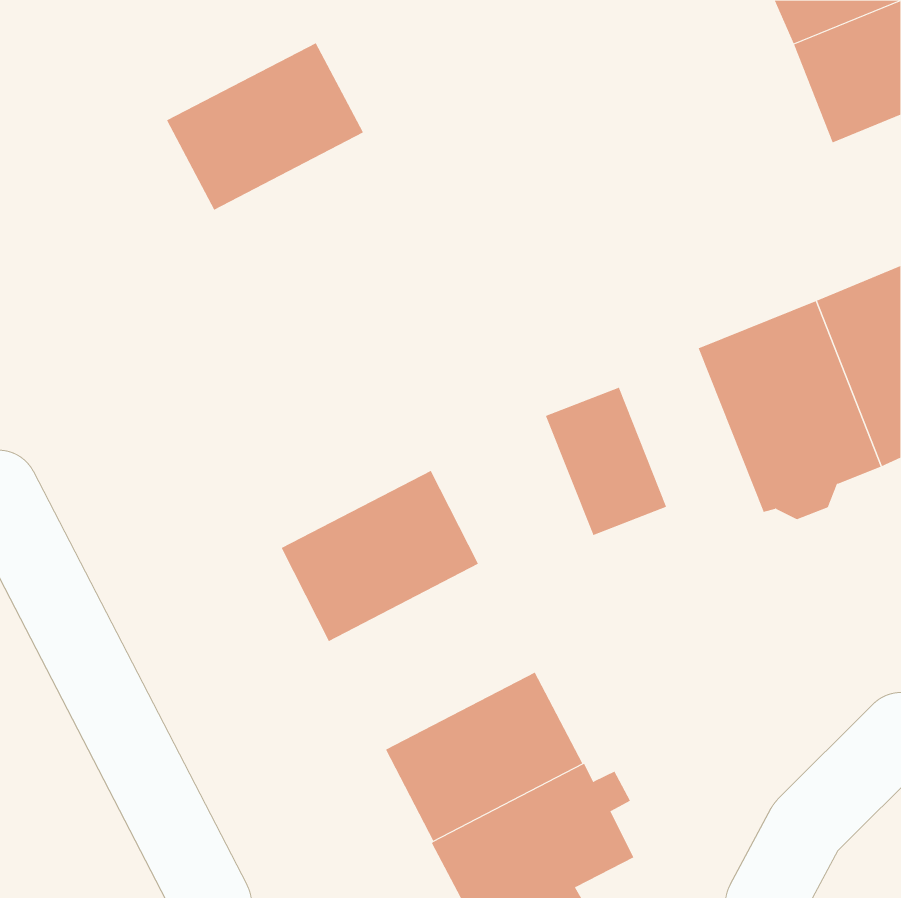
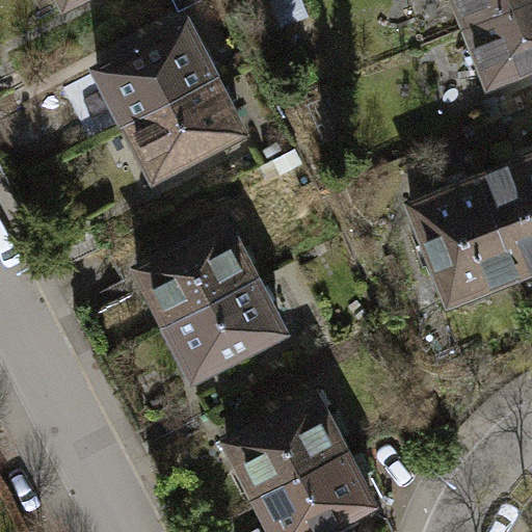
building: none -> [126,81,242,181]
building: none -> [137,225,254,325]
building: [545,387,667,536] -> none

